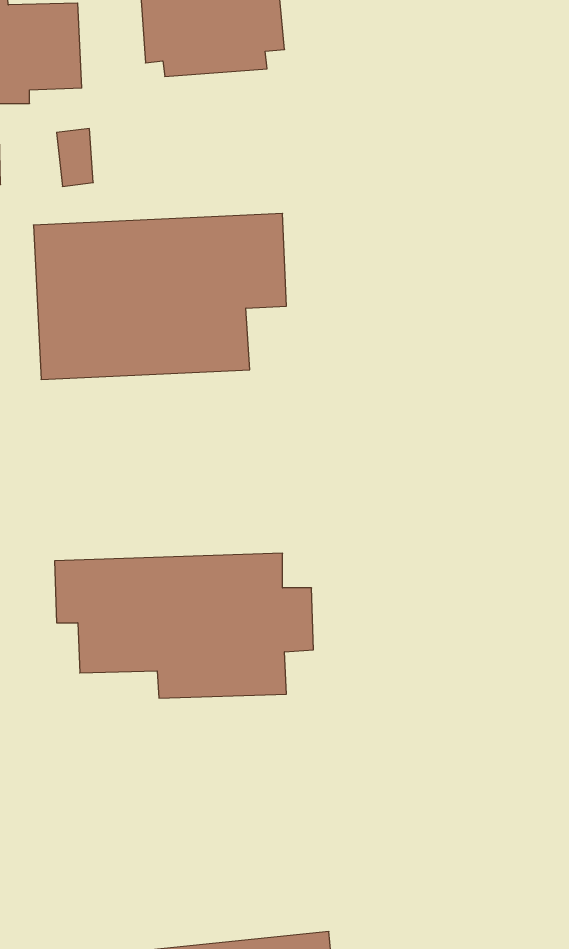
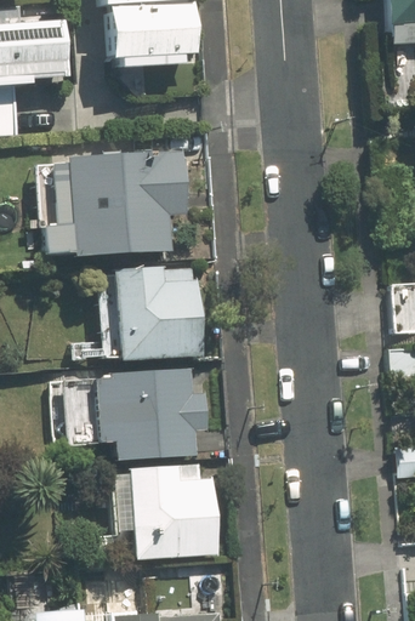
building: none -> [75,263,205,363]
building: none -> [113,465,220,559]

